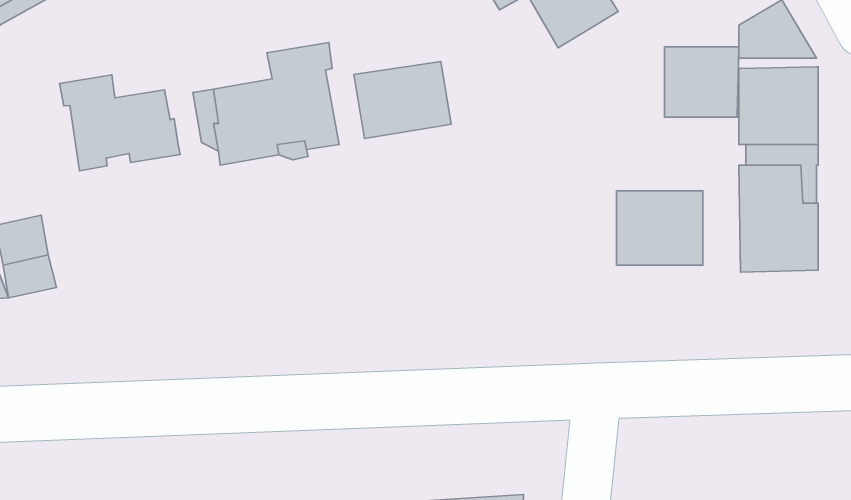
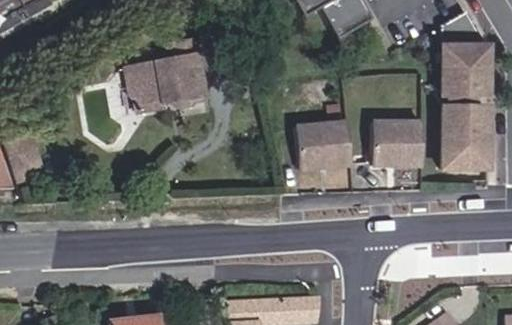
building: [665,47,739,117] -> none
building: [354,61,451,139] -> none
building: [60,75,180,171] -> none
building: none -> [304,123,359,169]

